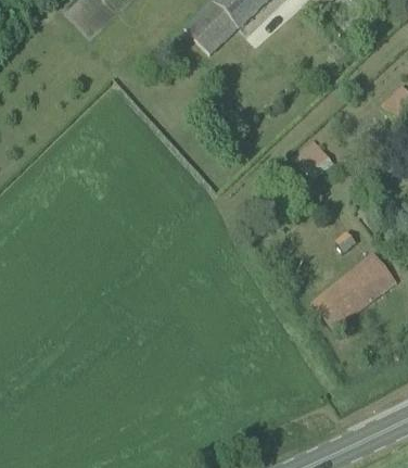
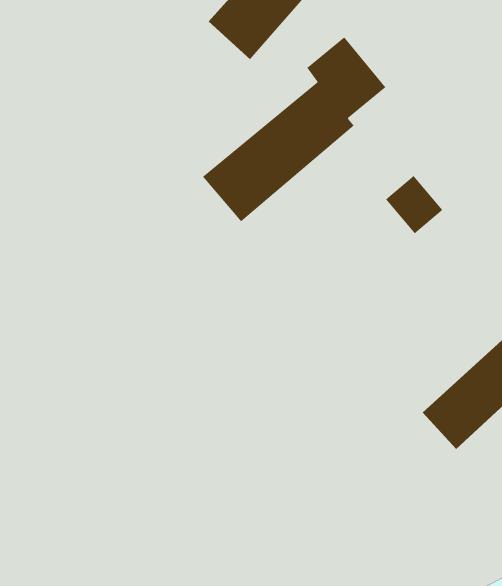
building: none -> [202,37,386,222]

